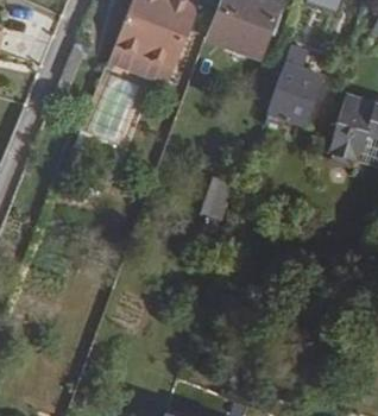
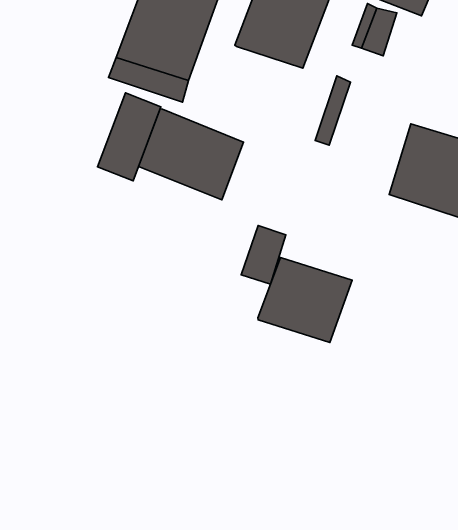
building: [278,64,320,121] -> none
building: none -> [138,109,243,200]
building: none -> [258,257,352,343]

